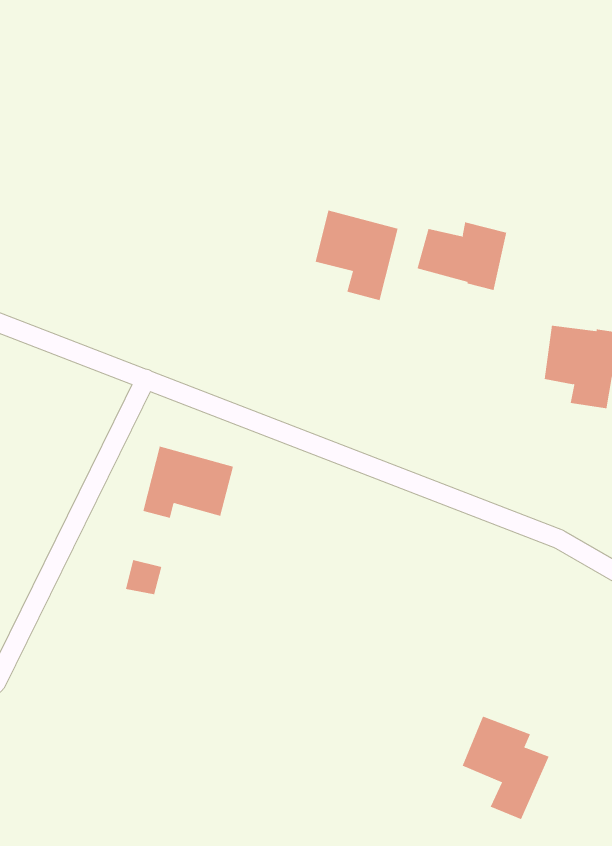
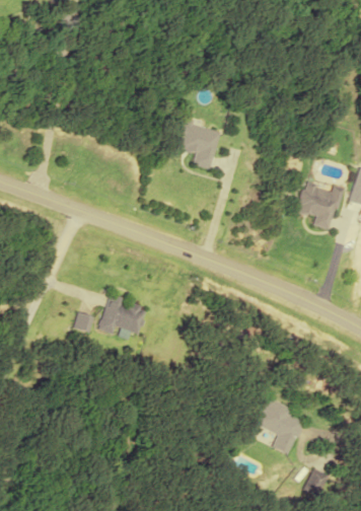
building: [417,221,507,291] -> none
building: [143,446,234,518] -> [97,296,147,336]

